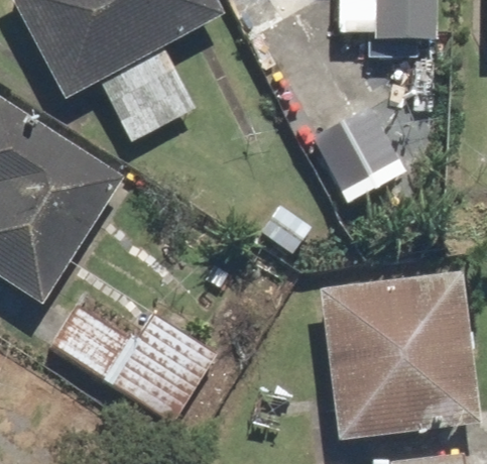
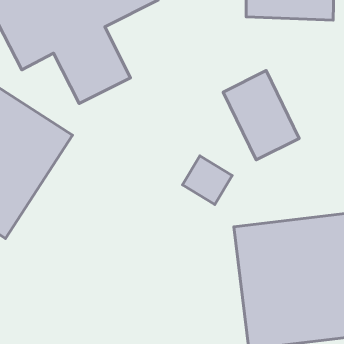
building: [46,306,215,424] -> none

